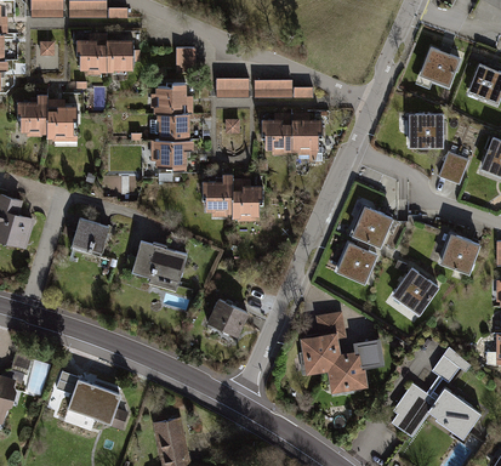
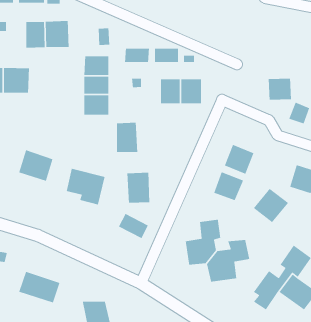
building: [420,47,462,87] -> none
building: [229,176,262,220] -> [126,172,150,204]

